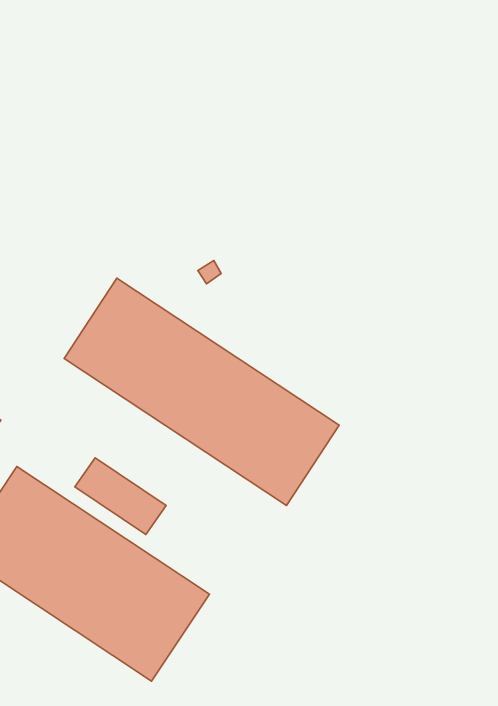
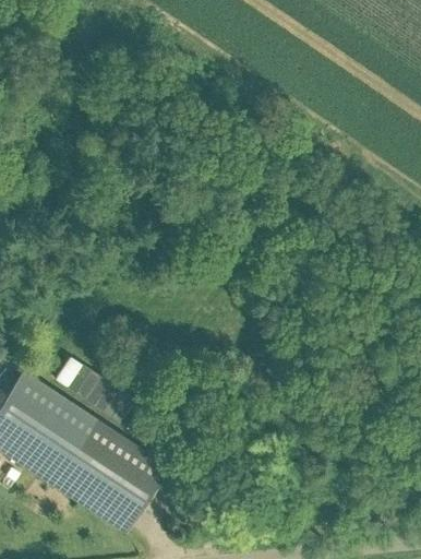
building: [64,278,339,506] -> none

